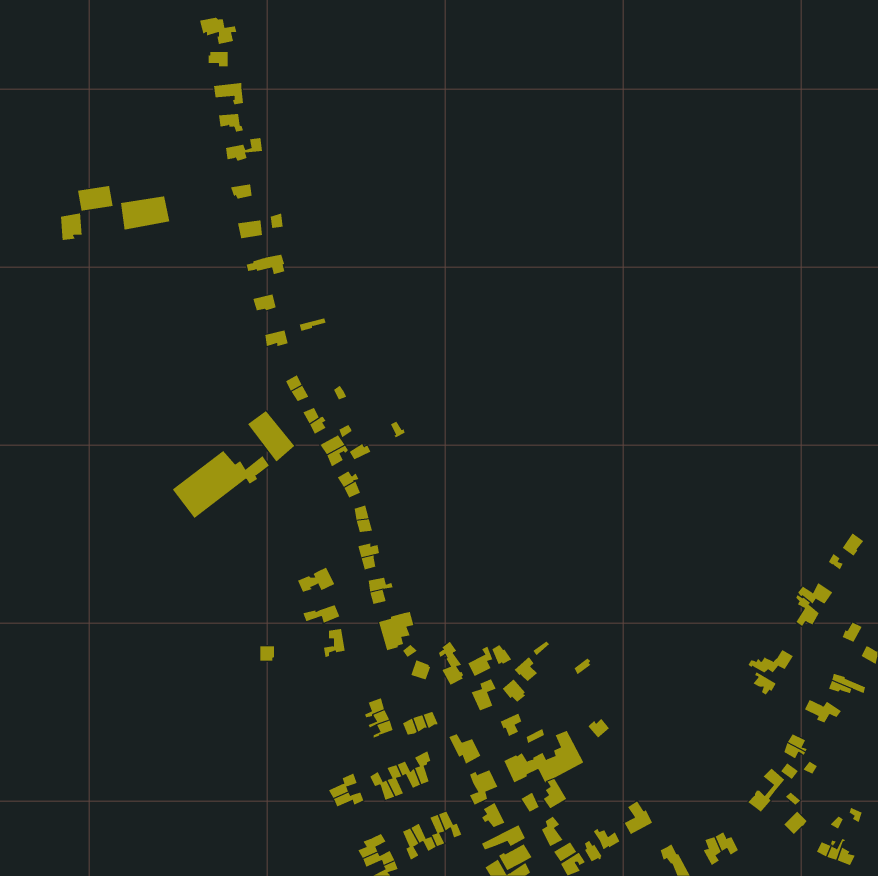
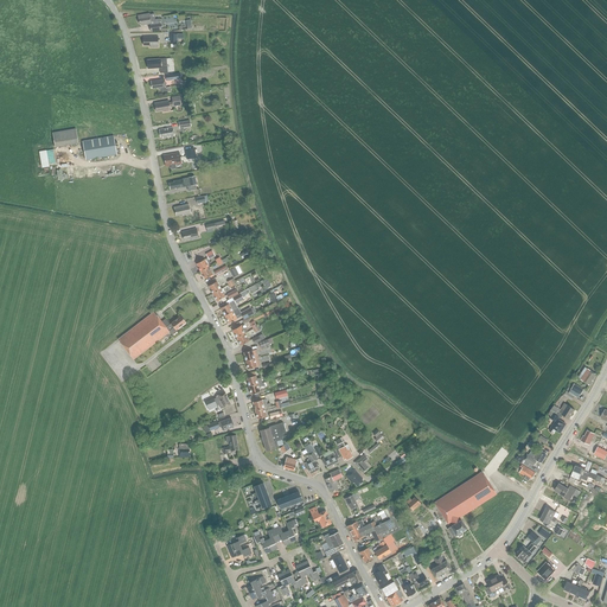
building: [247,410,295,462] -> none
building: none -> [434,471,497,535]

